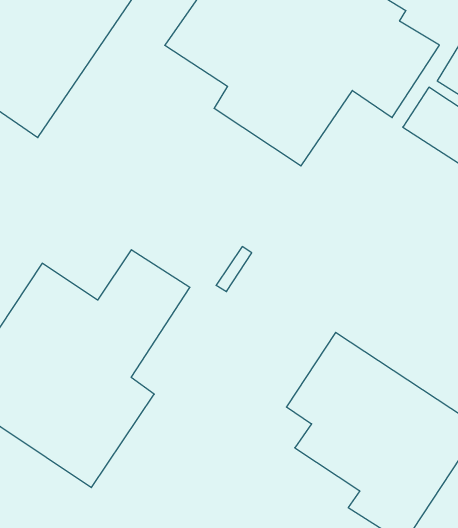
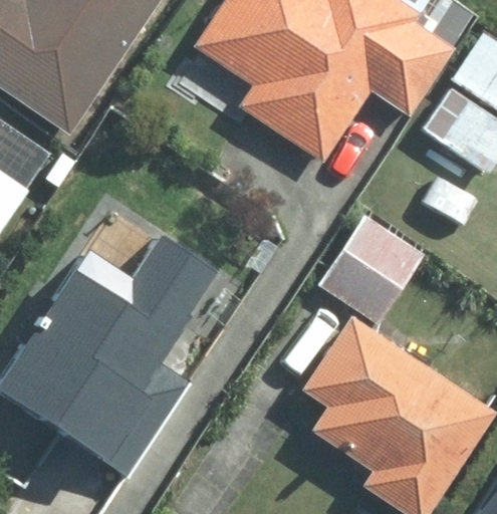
building: none -> [320,216,422,321]

